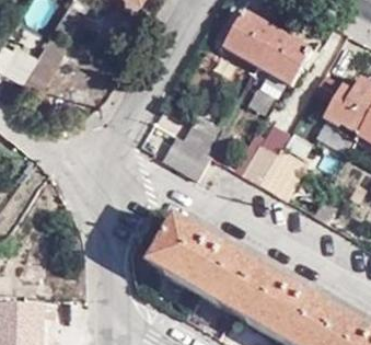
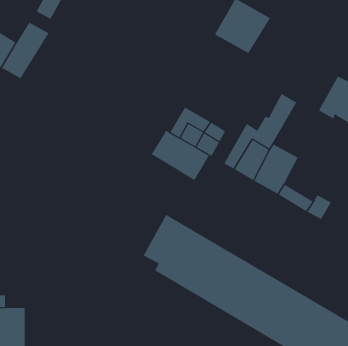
building: [254,28,309,82] -> none

